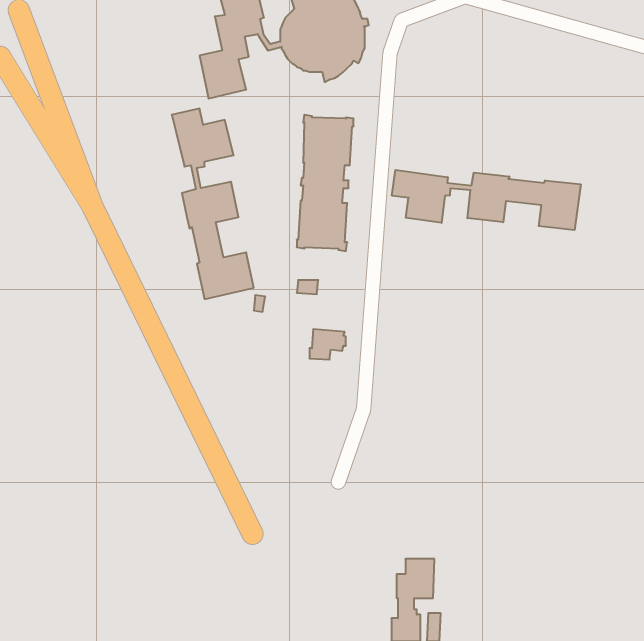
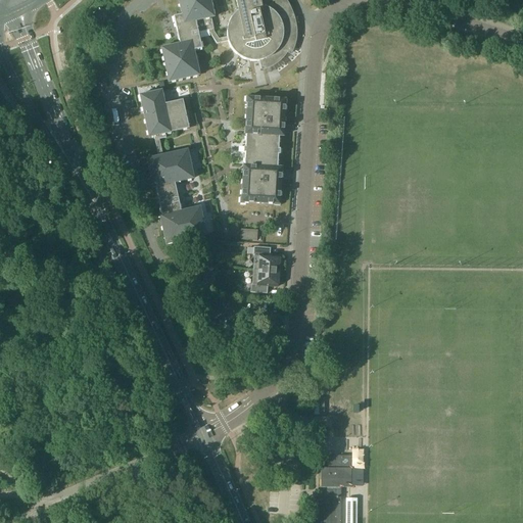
building: [392,170,581,230] -> none
building: none -> [254,244,282,269]

